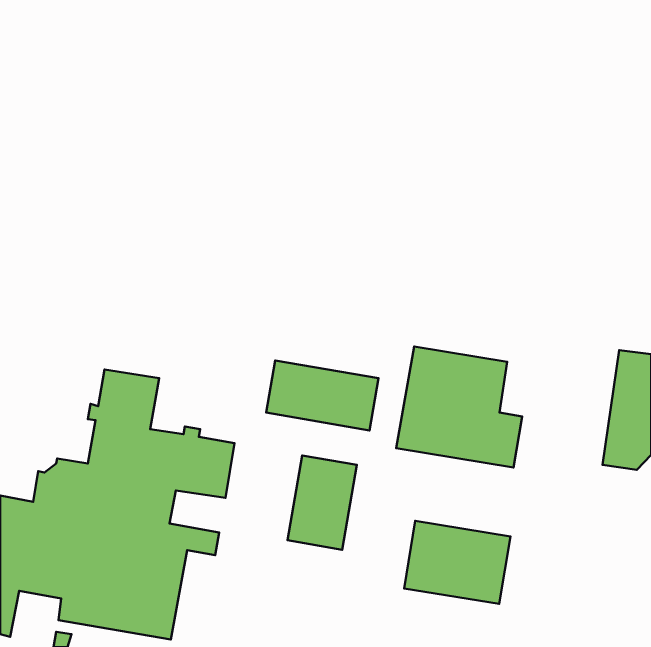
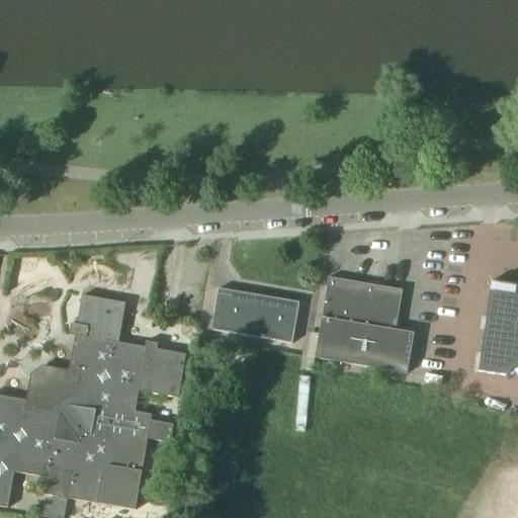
building: [287,455,357,550] -> none
building: [404,521,511,604] -> none

